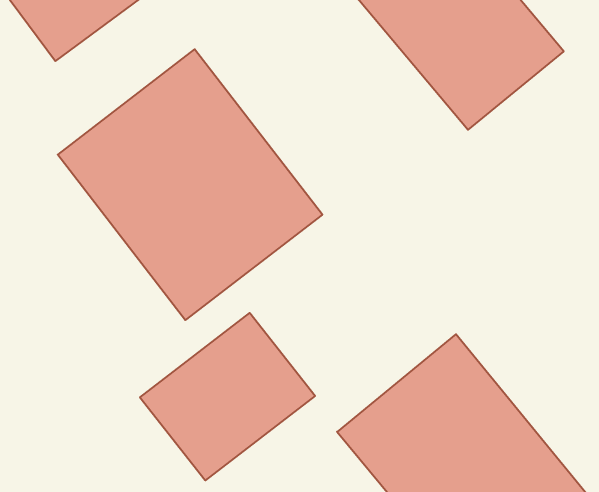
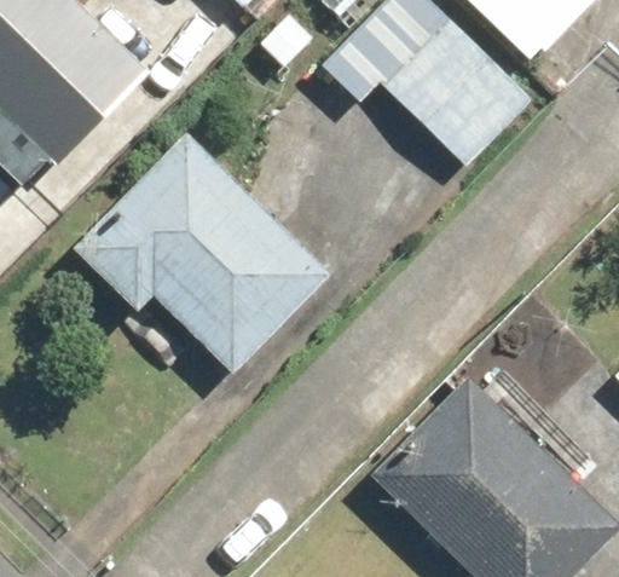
building: [140,313,315,480] -> none

